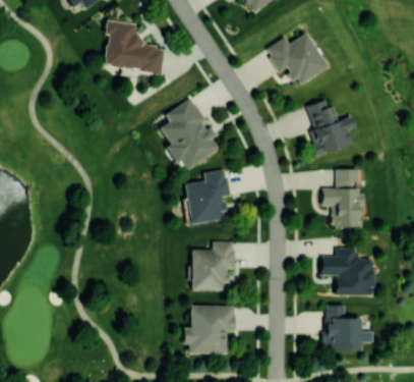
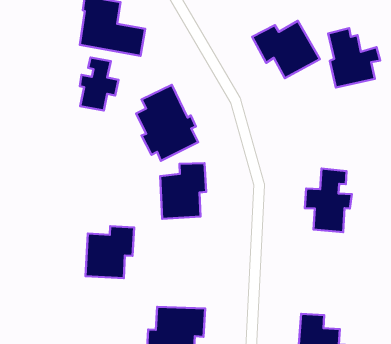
building: none -> [80,58,118,110]
building: [306,100,356,156] -> [328,28,380,87]
building: [192,242,235,290] -> [85,226,134,278]
building: [320,249,375,296] -> none

